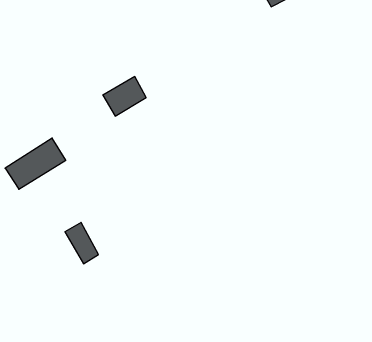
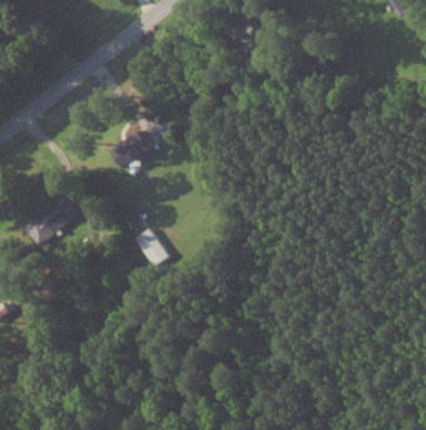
building: [65,222,98,264] -> [136,226,169,265]

